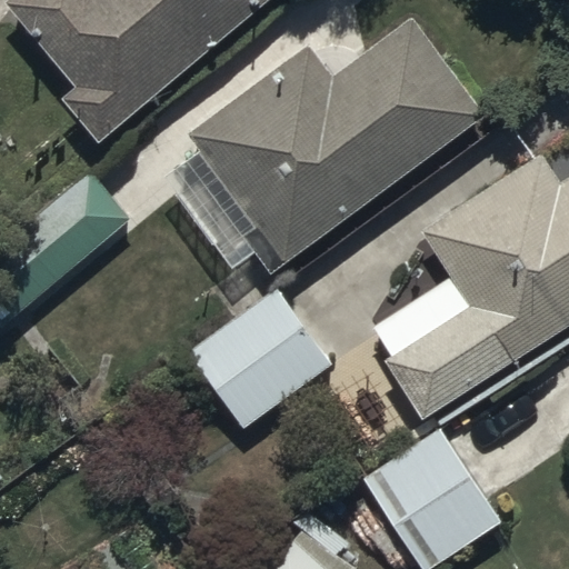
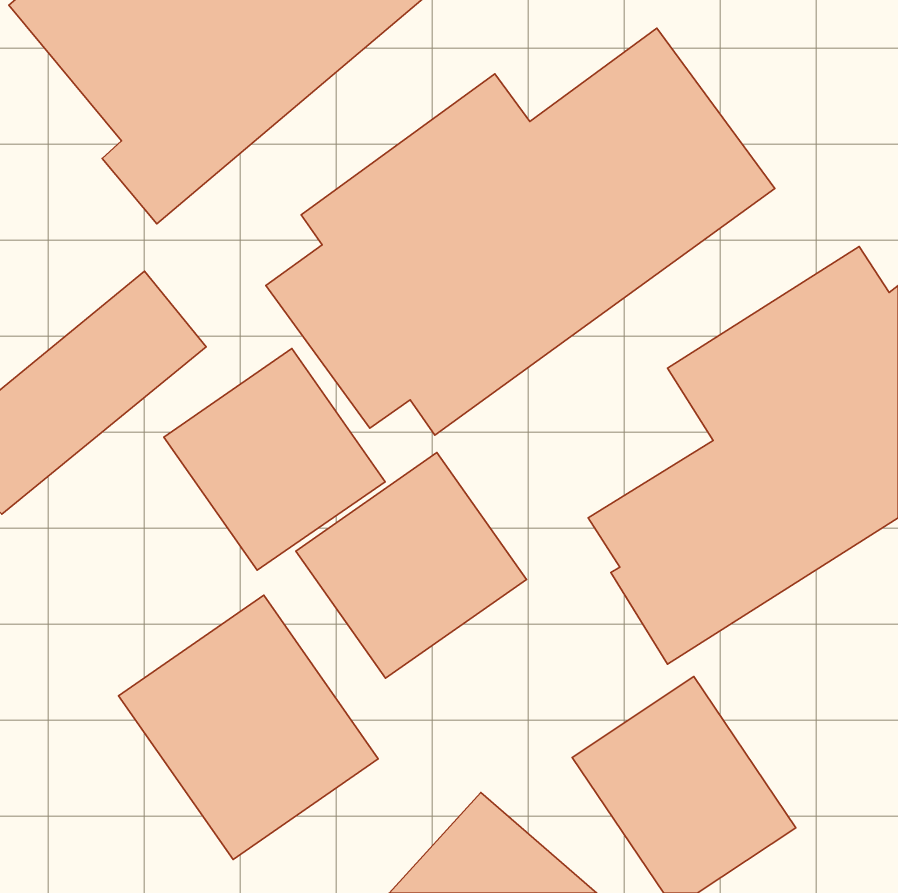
building: none -> [164,348,385,570]
building: none -> [119,595,378,859]

